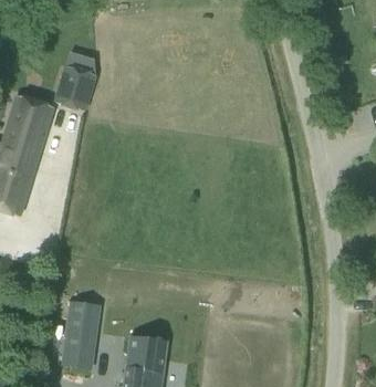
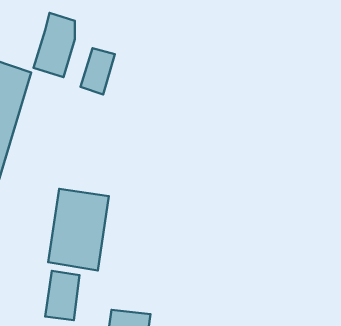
building: none -> [80,48,115,94]
building: none -> [48,189,109,270]

